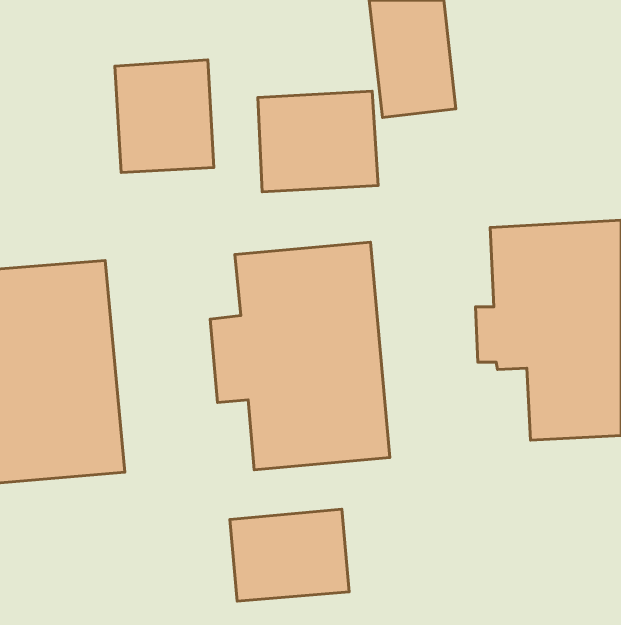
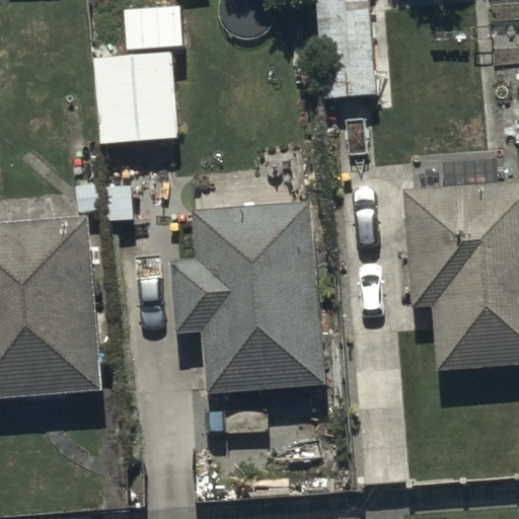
building: [258,91,378,192] -> none
building: [230,509,349,601] -> none

